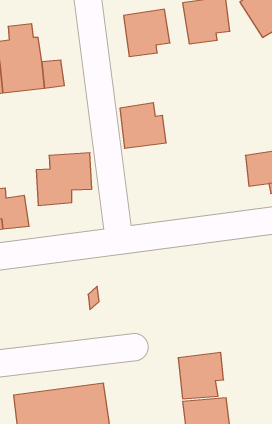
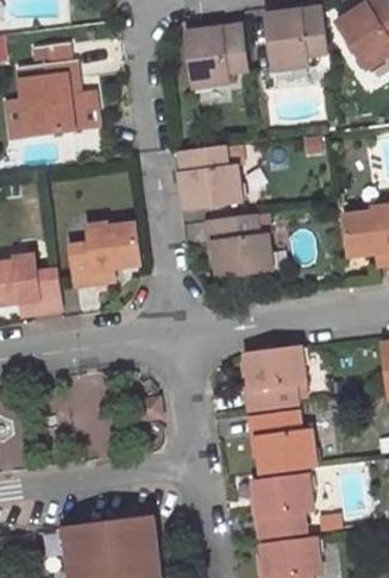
building: none -> [208,216,270,277]
building: none -> [246,345,307,410]
building: none -> [255,411,318,473]

